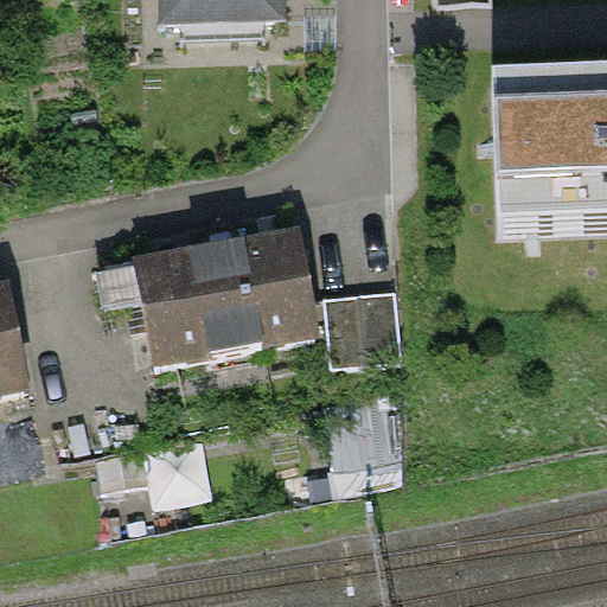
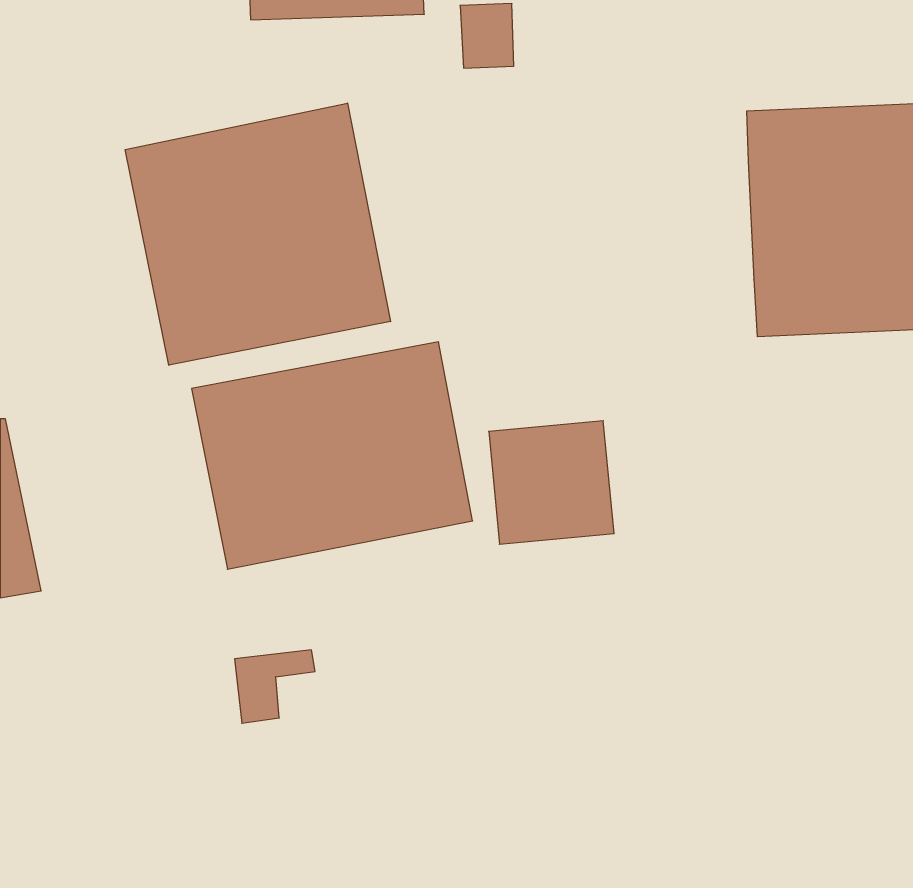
building: none -> [125,103,391,365]

